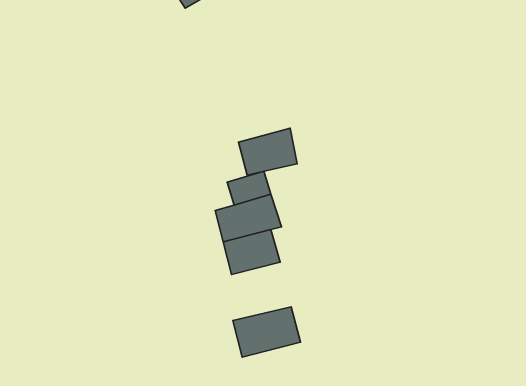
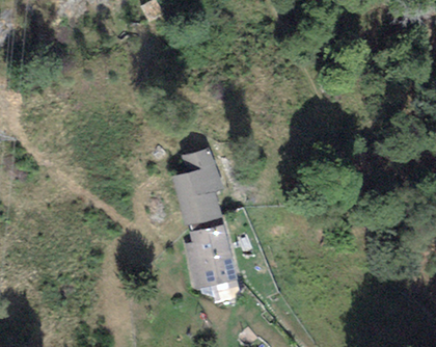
building: [239,128,297,175] -> none
building: none -> [183,225,230,262]

